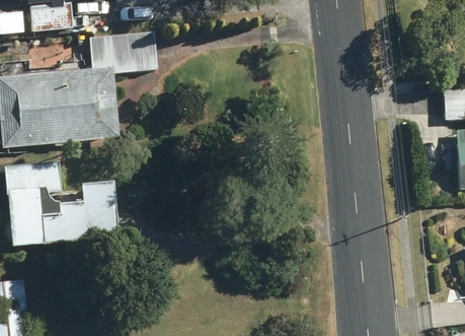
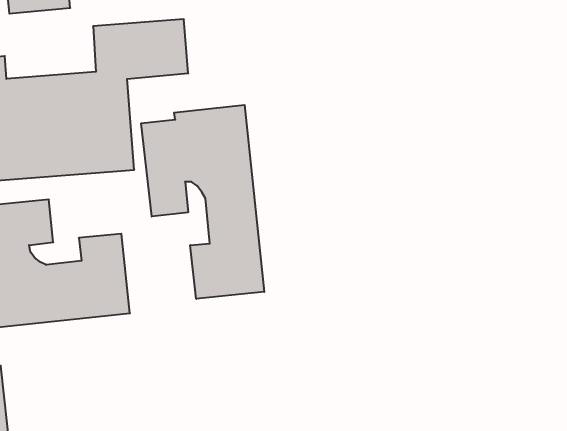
building: none -> [141,105,264,299]

